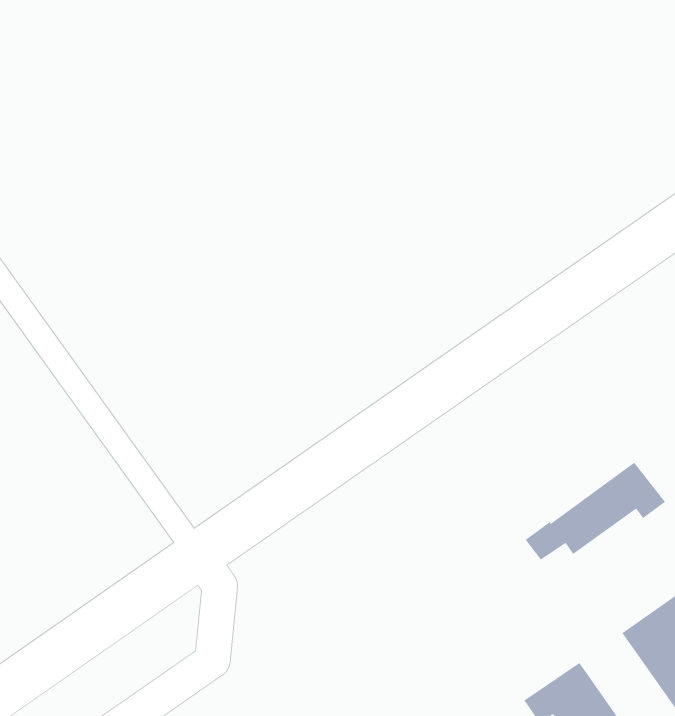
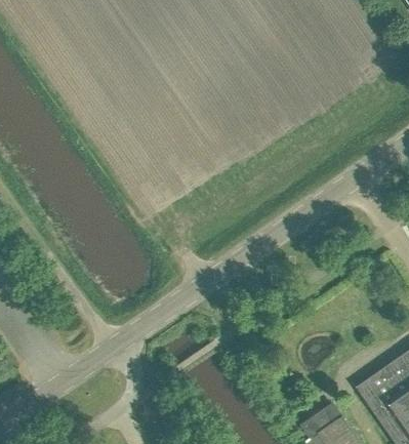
building: [525,462,666,560] -> none

